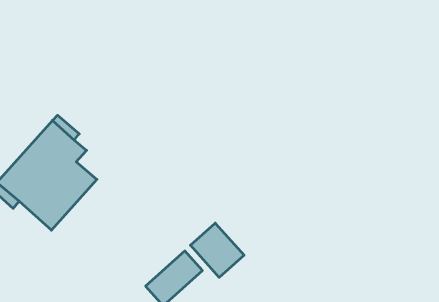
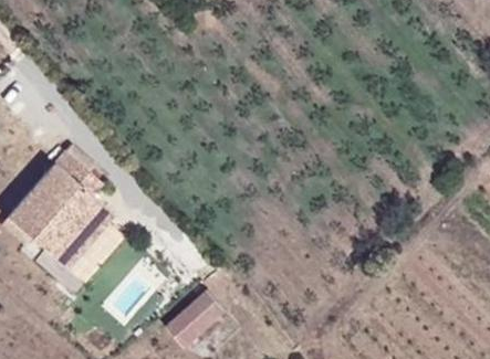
building: [190,223,244,277] -> none

